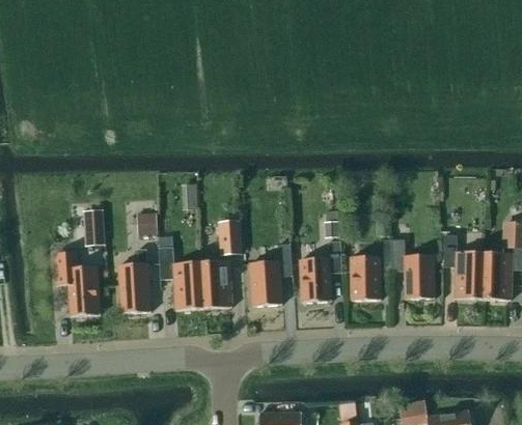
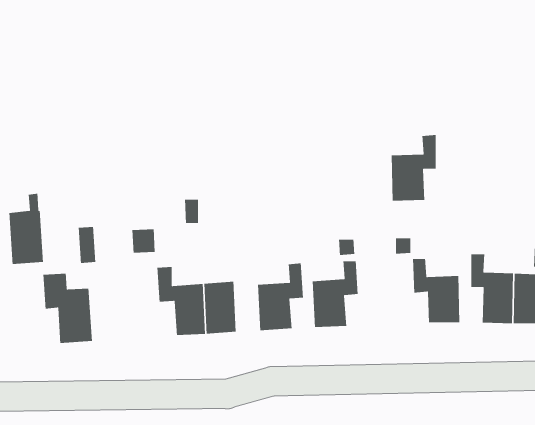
building: [218,220,242,254] -> none
building: [350,238,391,300] -> [391,134,436,202]
building: [118,247,150,312] -> [8,193,44,265]

